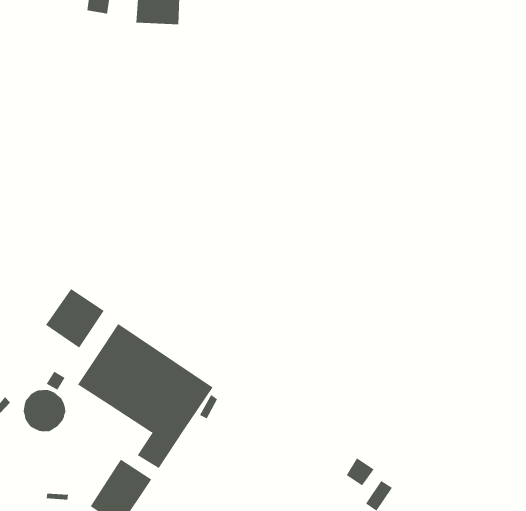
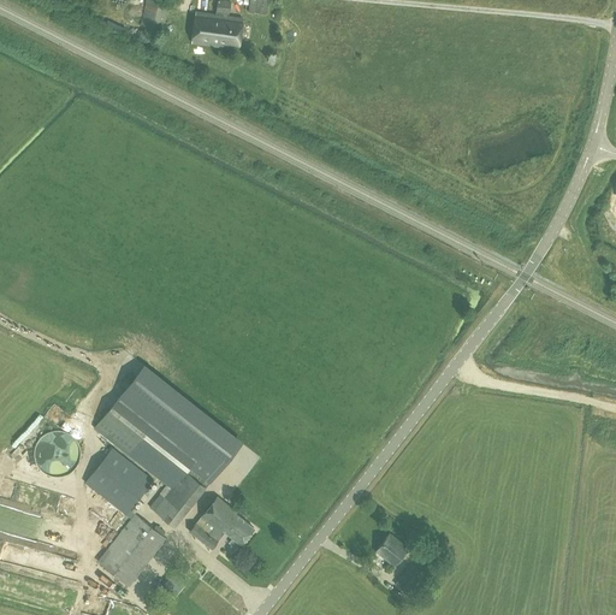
building: [45,288,104,348] -> none
building: none -> [84,447,154,515]
building: none -> [189,496,254,549]

